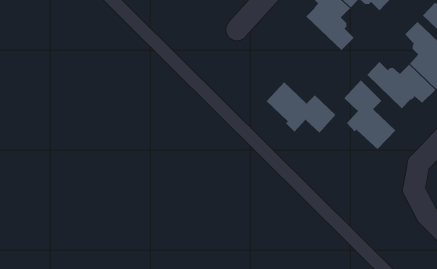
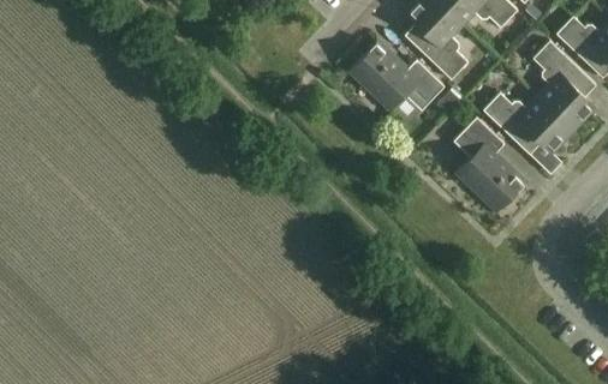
building: [266,82,336,133] -> [353,43,445,110]

